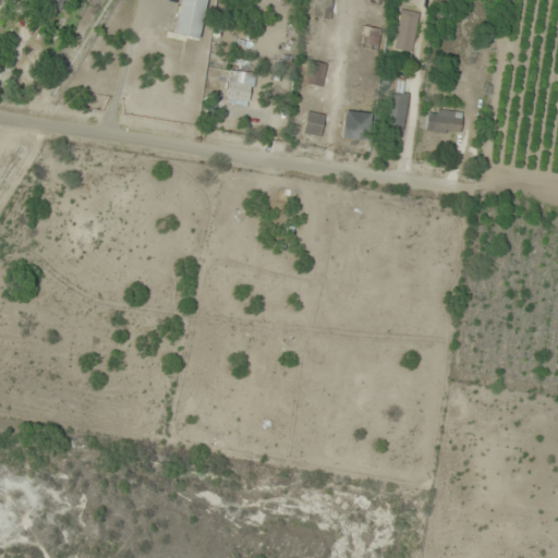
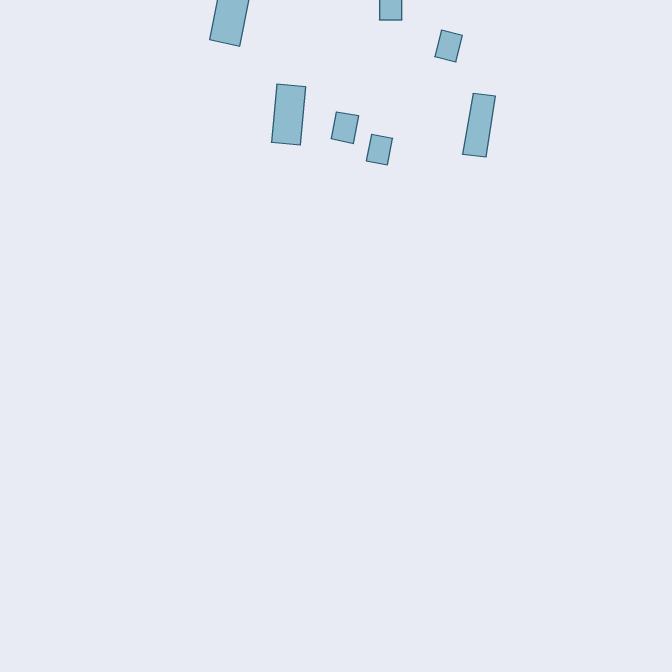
building: [399,12,416,50] -> none
building: [305,60,328,86] -> [331,112,359,144]
building: [343,110,372,141] -> none
building: [426,112,462,132] -> none

